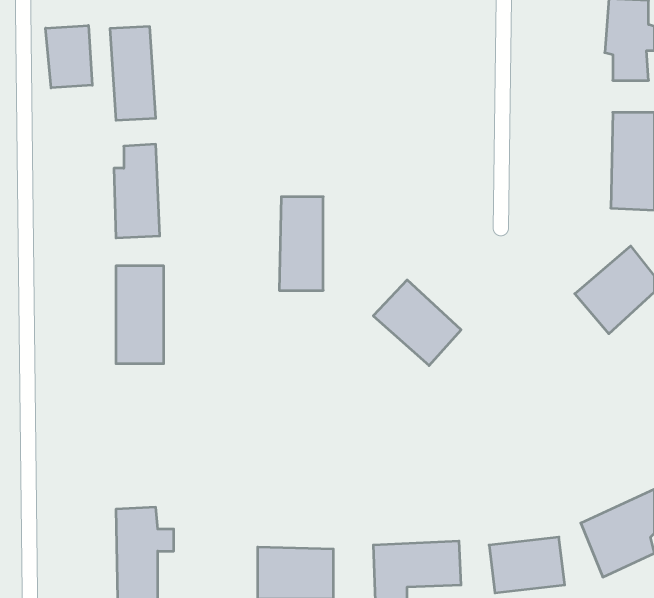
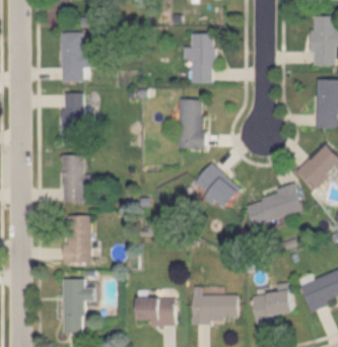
building: [46,25,92,88] -> none
building: none -> [185,32,216,82]
building: [279,197,323,290] -> [180,98,202,146]
building: none -> [247,182,305,226]
building: none -> [62,216,92,262]

